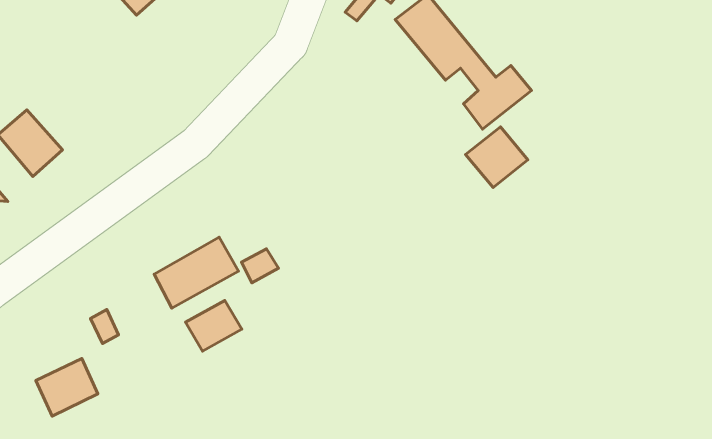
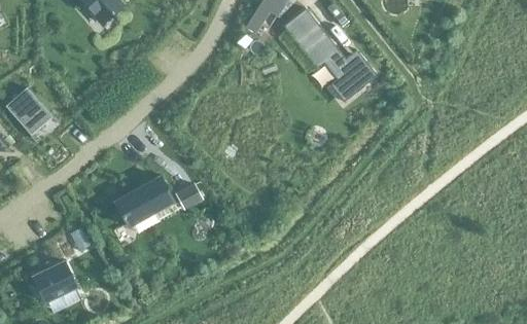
building: [466,127,528,188] -> none
building: [186,300,242,351] -> none

